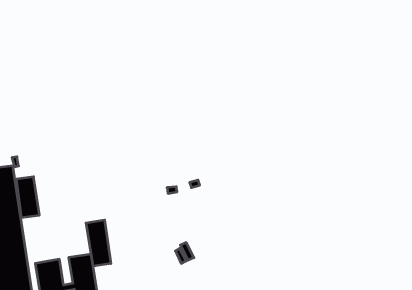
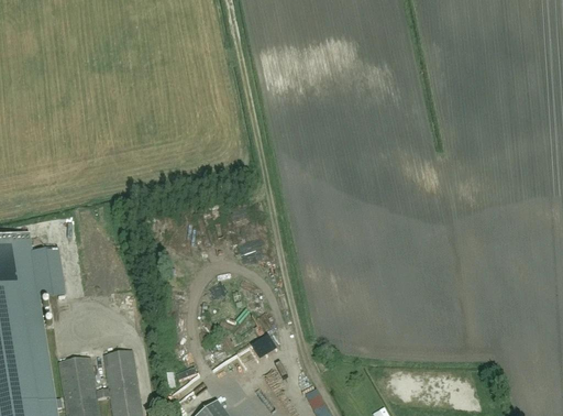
building: [86,220,111,266] -> none

